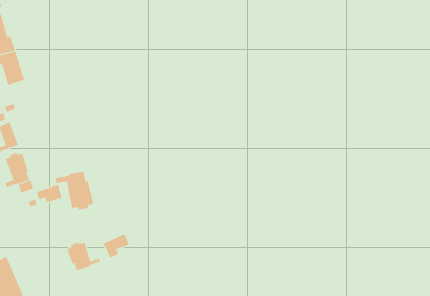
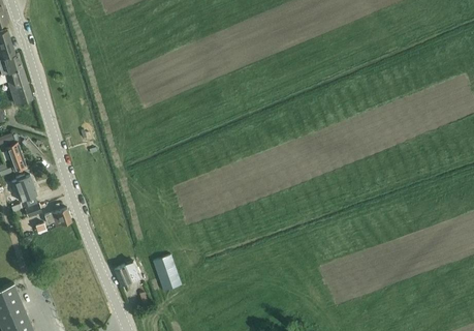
building: [54,171,94,210] -> none
building: none -> [152,255,180,292]
building: [67,242,101,271] -> none

